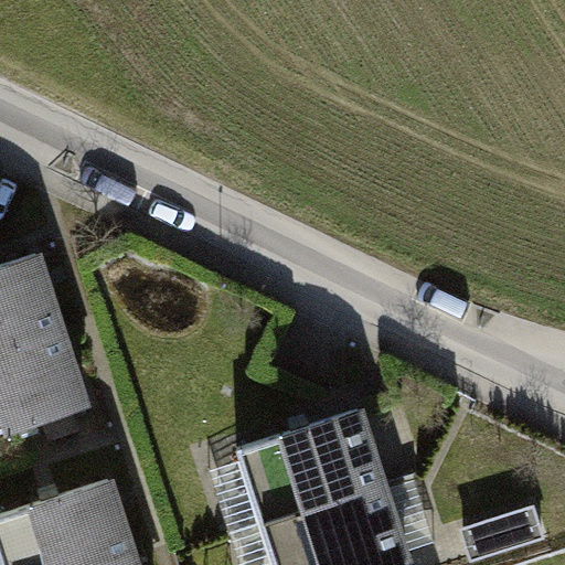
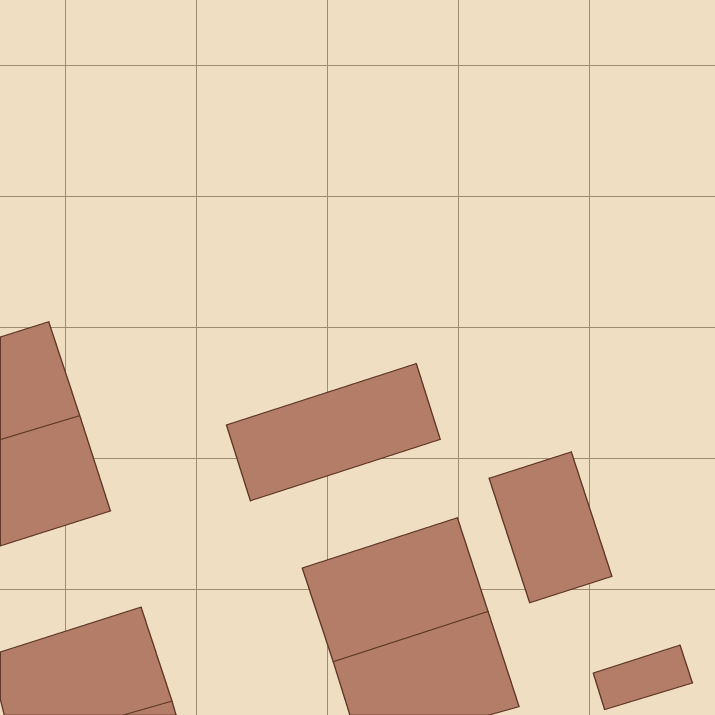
building: none -> [226,363,440,501]
building: none -> [489,452,612,603]

